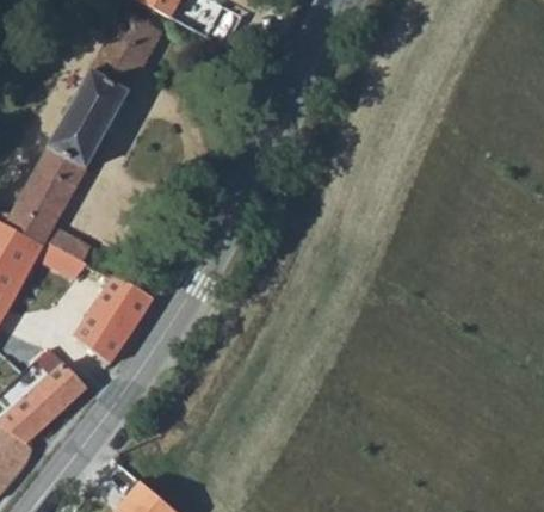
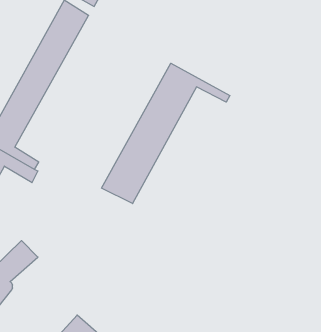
building: none -> [102,63,230,204]
building: [74,276,150,362] -> none

